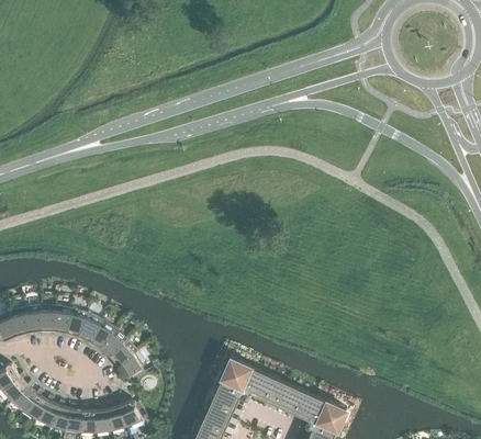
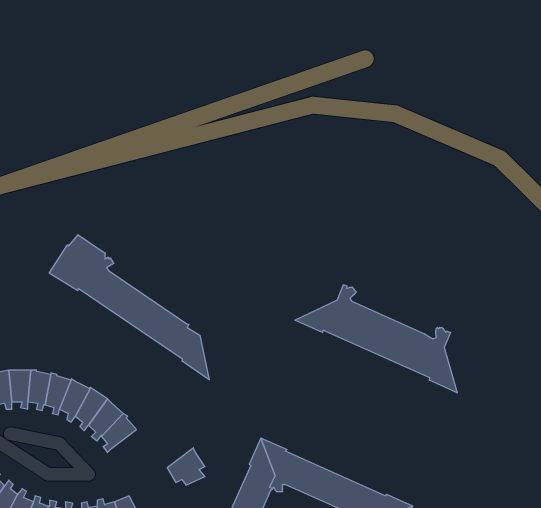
building: none -> [49,235,209,380]
building: none -> [295,285,457,393]
building: [116,350,145,379] -> [167,448,205,485]

